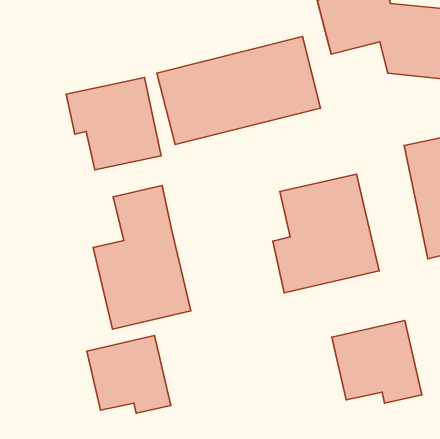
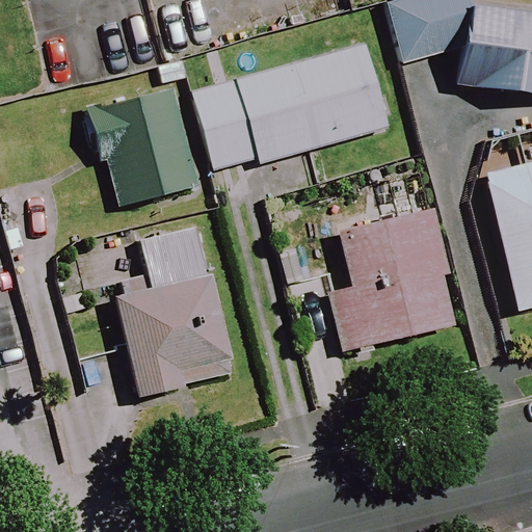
building: [332,320,422,403] -> none
building: [87,335,171,413] -> none

